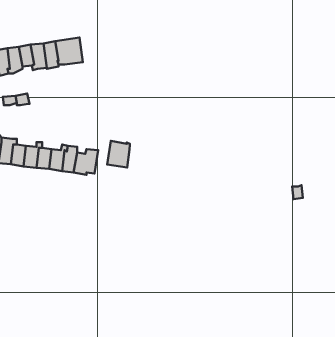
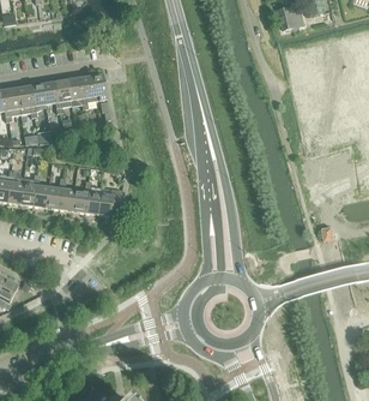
building: [107,141,130,167] -> none

